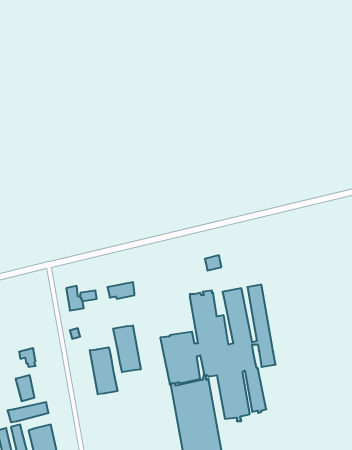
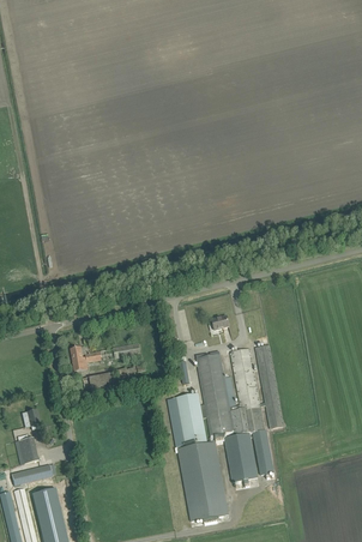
building: [113,325,141,372] -> none
building: [90,347,117,394] -> none

